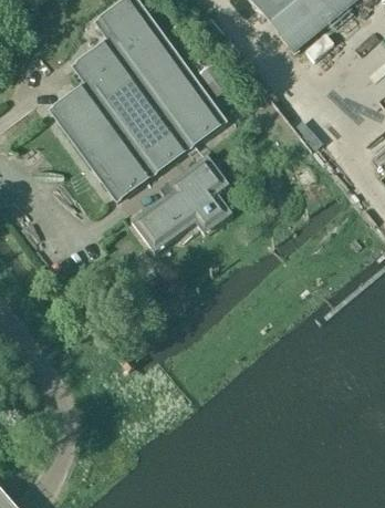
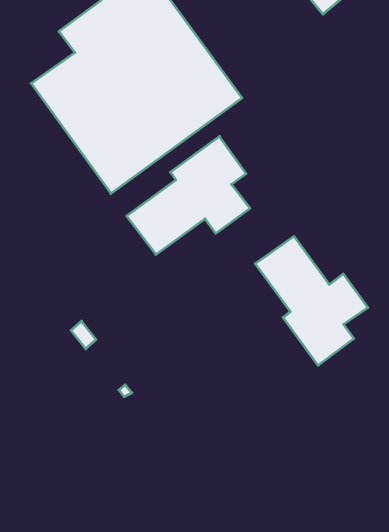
building: none -> [255,236,368,365]

